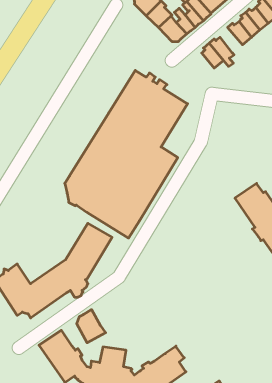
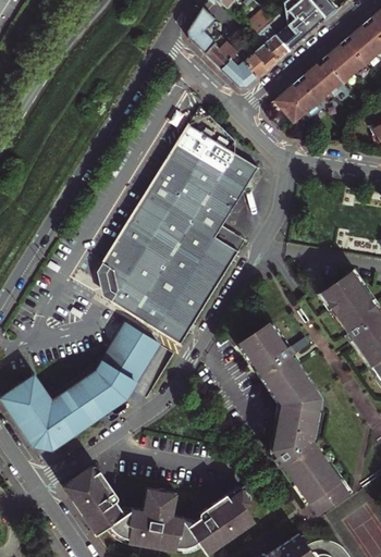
building: none -> [300,69,330,102]
building: none -> [238,322,348,510]
building: [77,310,106,343] -> none

